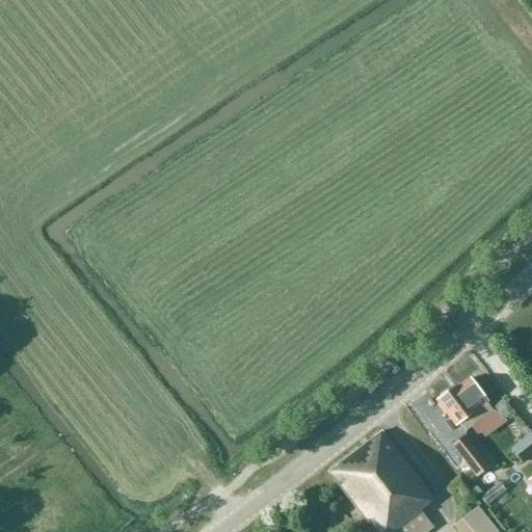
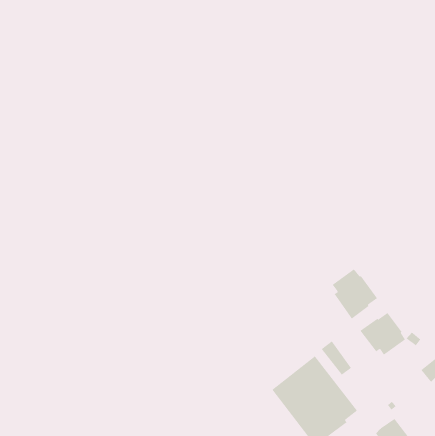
building: none -> [332,269,378,319]
building: [455,437,493,480] -> [321,340,352,376]

